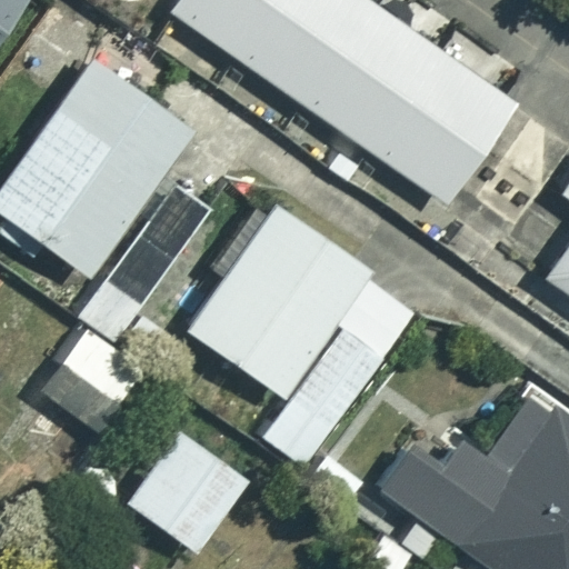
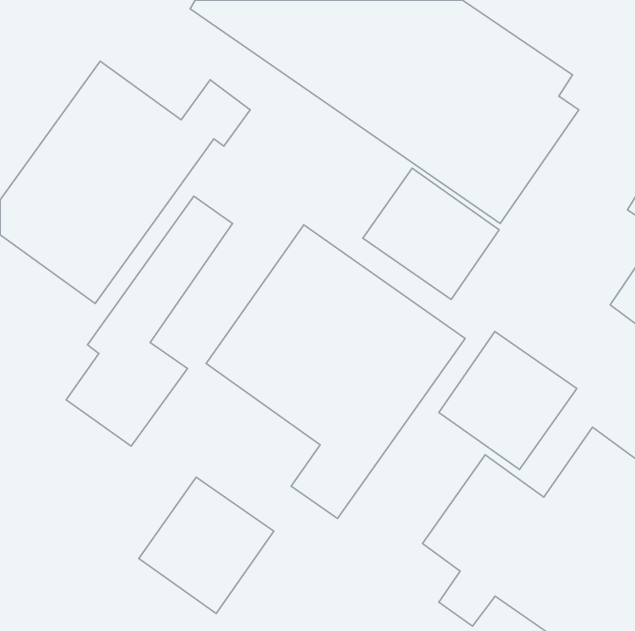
building: none -> [363,168,499,300]
building: none -> [439,332,577,470]

